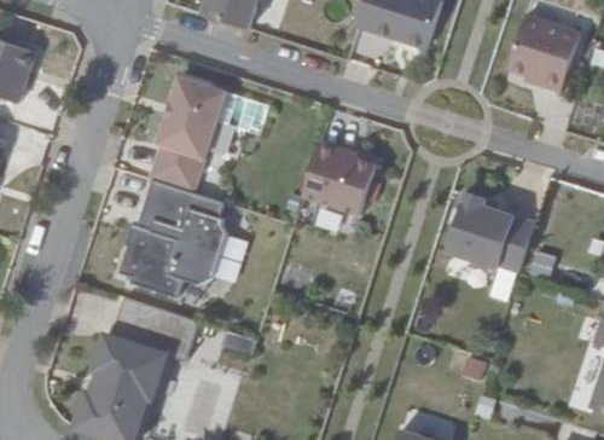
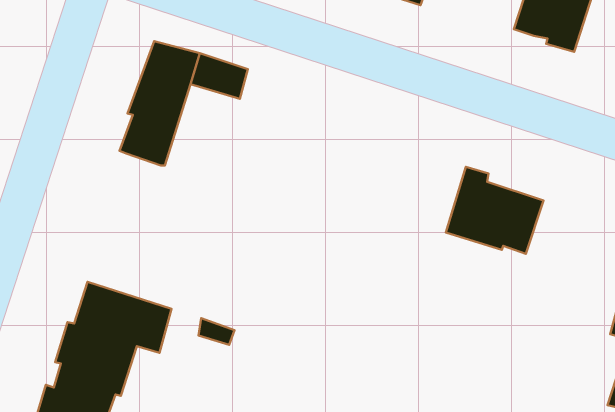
building: [301,141,372,215] -> none
building: [122,181,221,289] -> none

